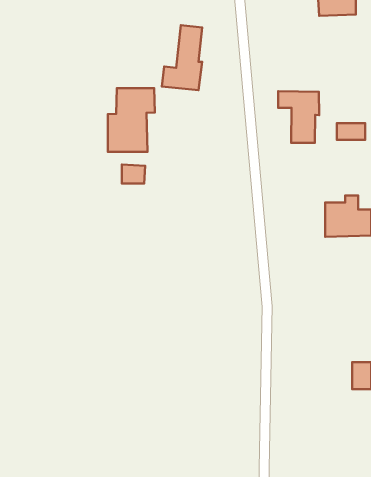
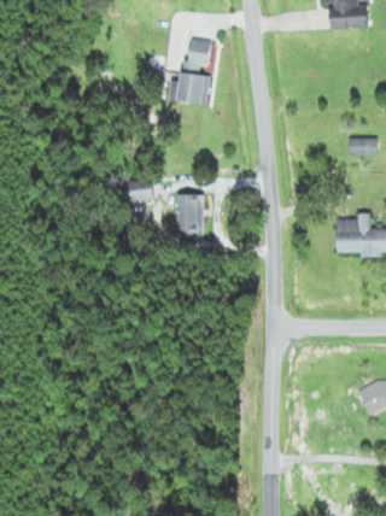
building: [108,88,155,152] -> none
building: [278,91,319,143] -> none
building: none -> [179,195,205,234]

